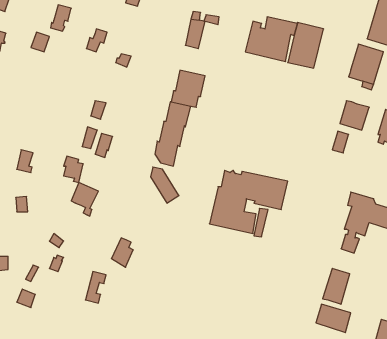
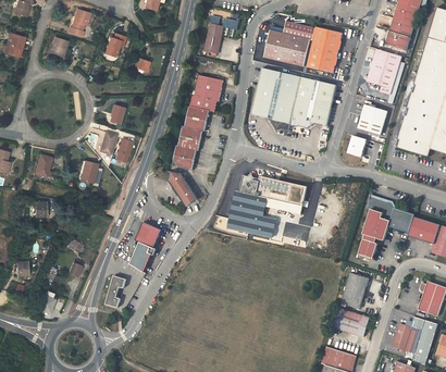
building: none -> [250,69,336,132]
building: [71,182,98,216] -> [135,222,162,256]

